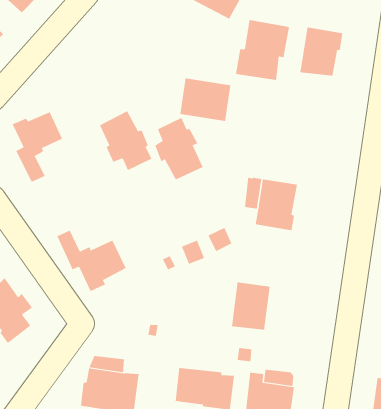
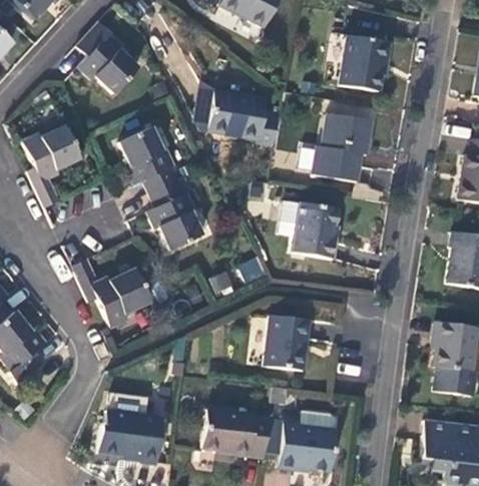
building: none -> [76,22,138,92]
building: [235,20,290,81] -> [312,113,372,180]
building: [154,117,204,180] -> [147,179,201,249]

